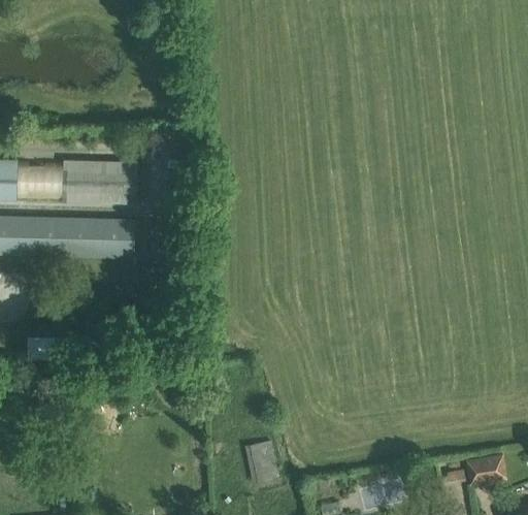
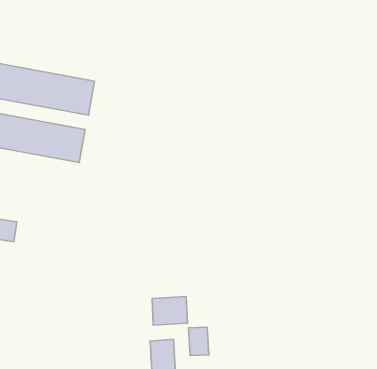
building: none -> [152,297,187,325]
building: none -> [189,327,209,356]

